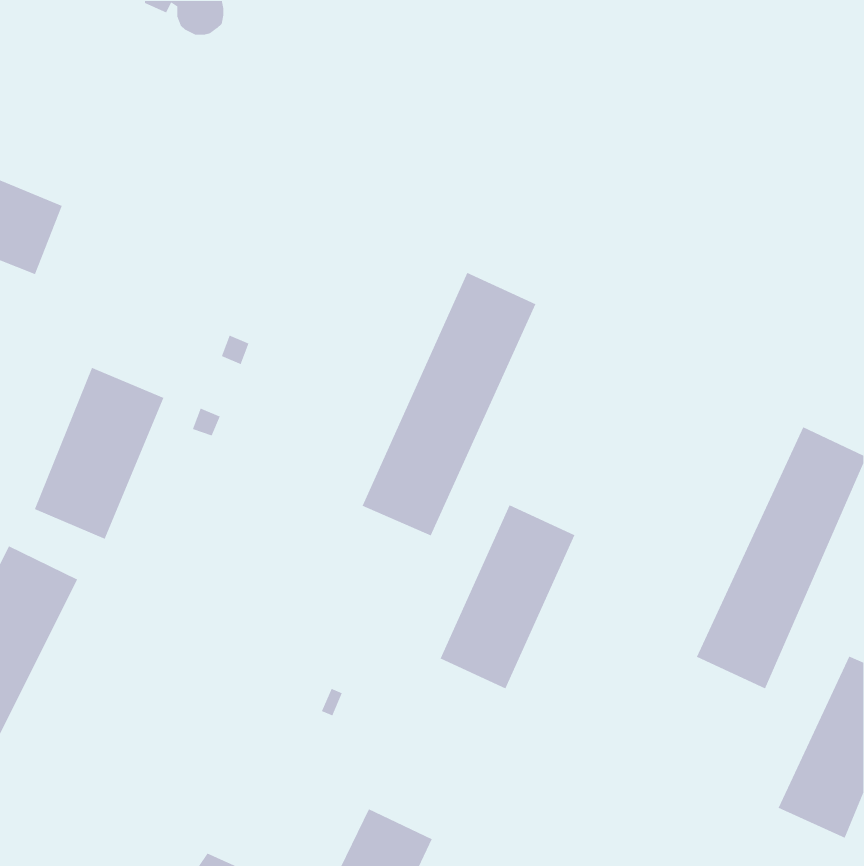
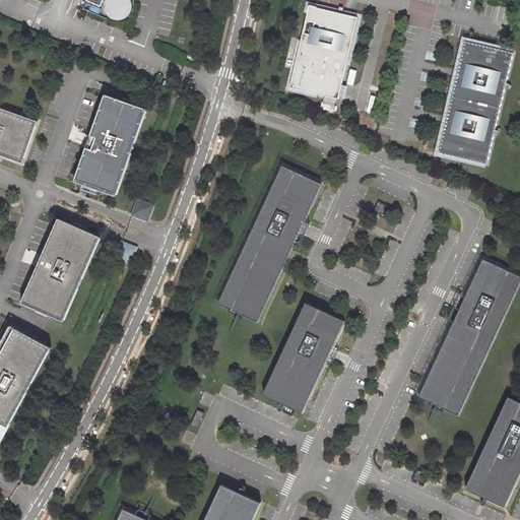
building: none -> [287,5,355,96]
building: none -> [439,42,513,164]
building: none -> [74,93,146,197]

